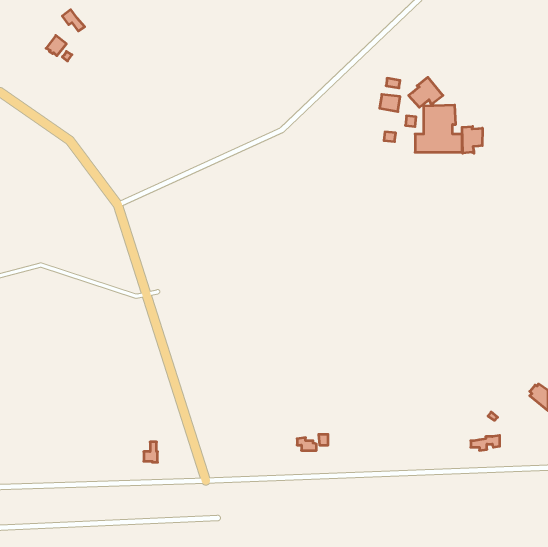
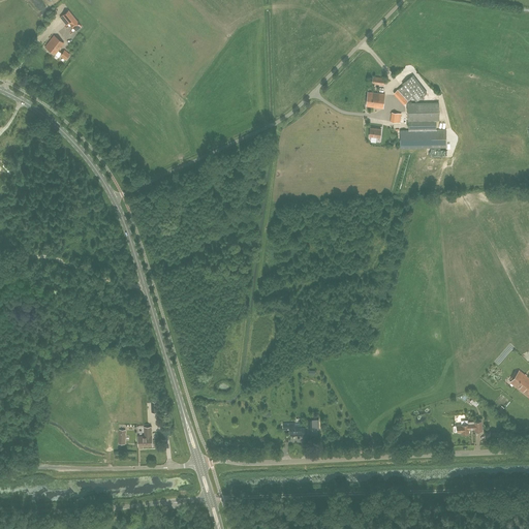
building: [462,126,482,153] -> none

